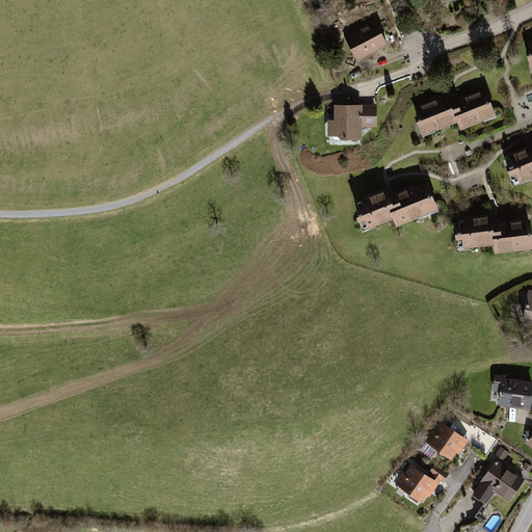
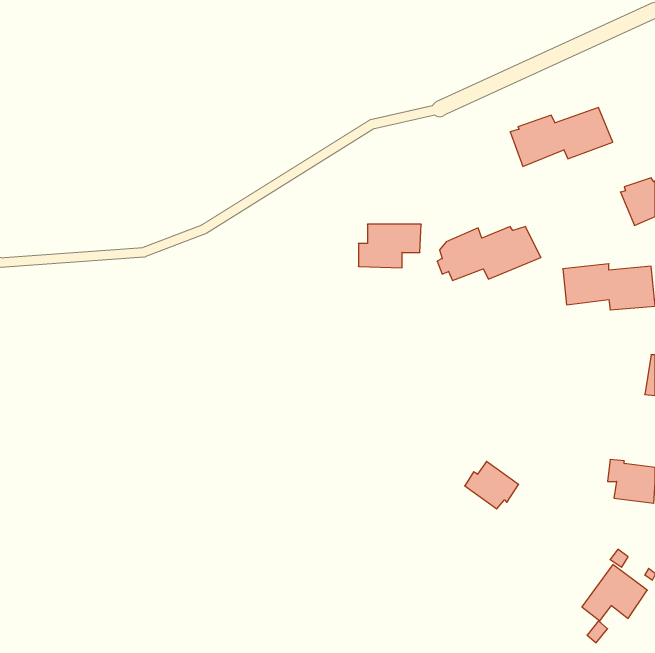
building: [344,21,387,61] -> none
building: [327,105,378,140] -> [358,224,421,268]
building: [425,422,469,460] -> [465,461,519,509]
building: [395,464,449,504] -> none

